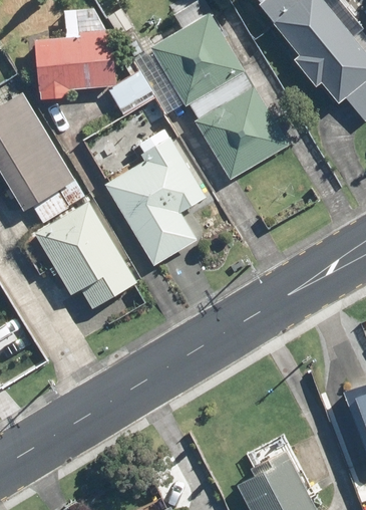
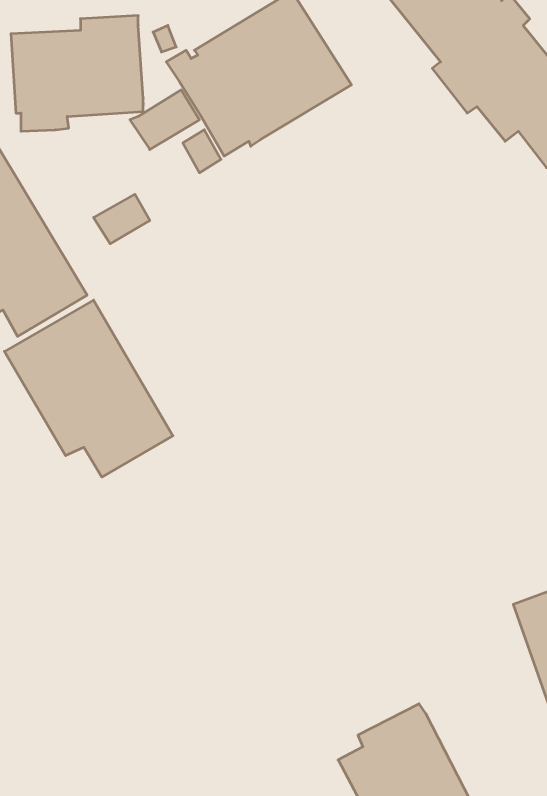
building: [190,70,290,183] -> none
building: [105,130,205,265] -> none

